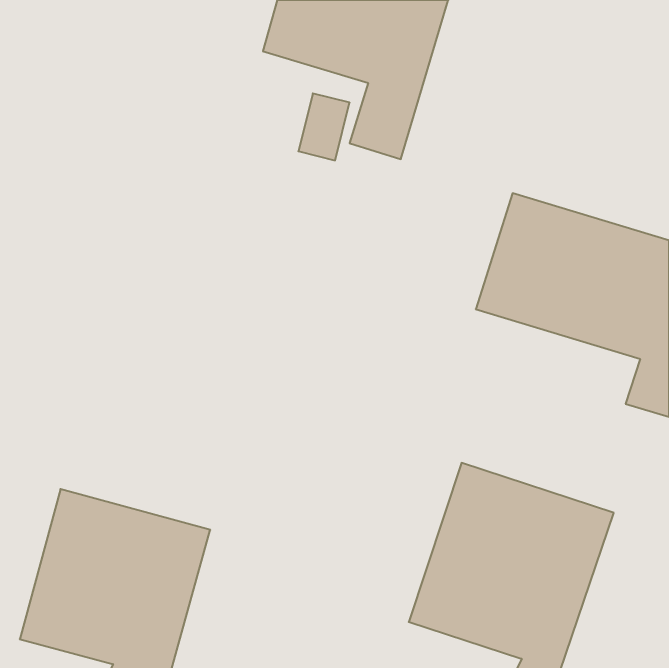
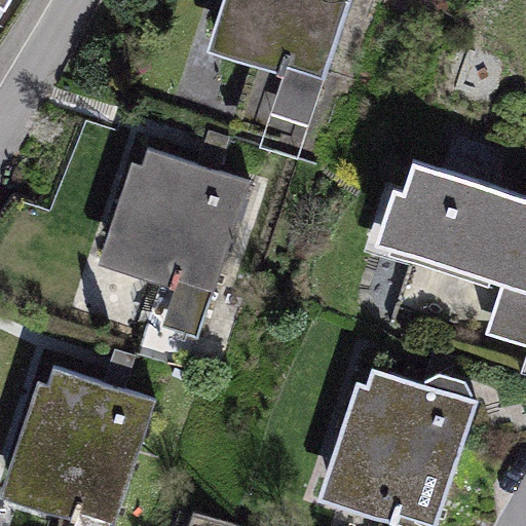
building: none -> [92,146,249,336]

